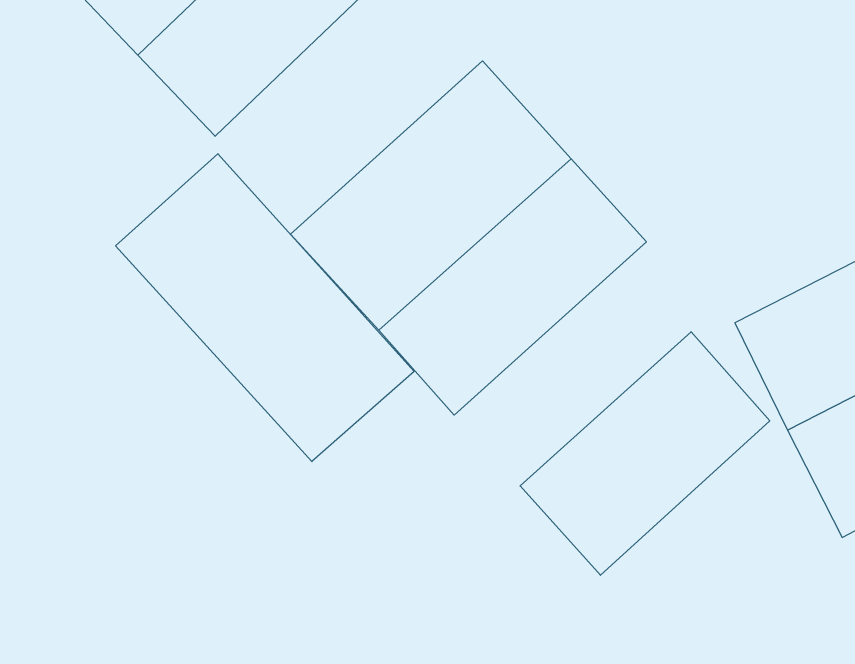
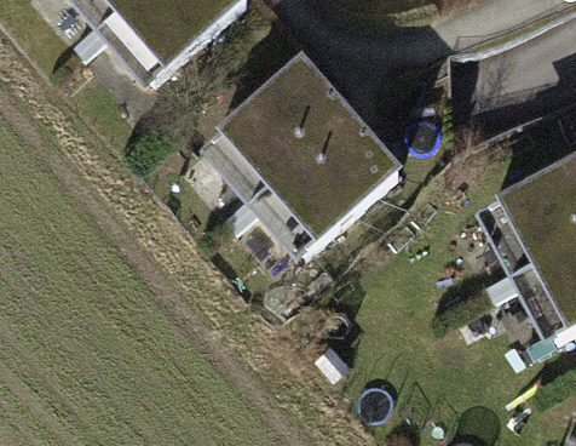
building: [116,154,414,462] -> none
building: [520,332,770,575] -> none

